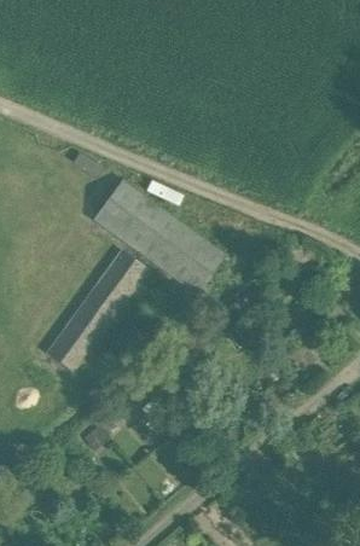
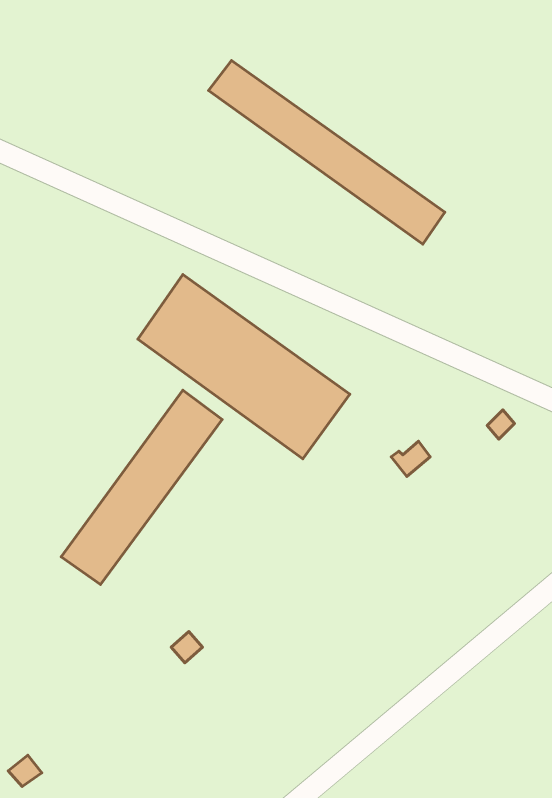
building: none -> [209,60,445,244]

